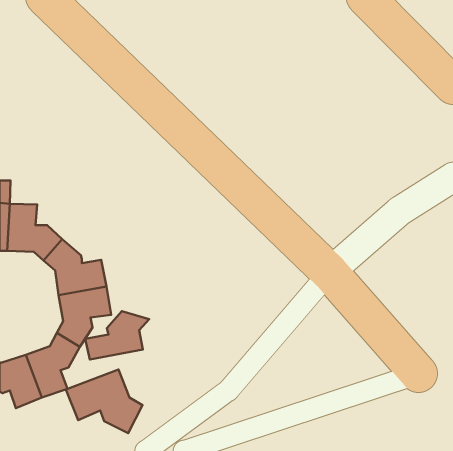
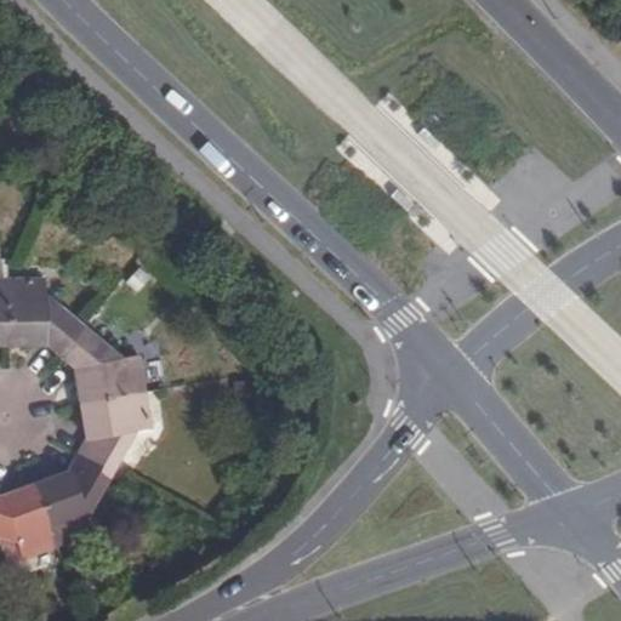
building: [85,311,149,359] -> none
building: [66,370,143,433] -> none

